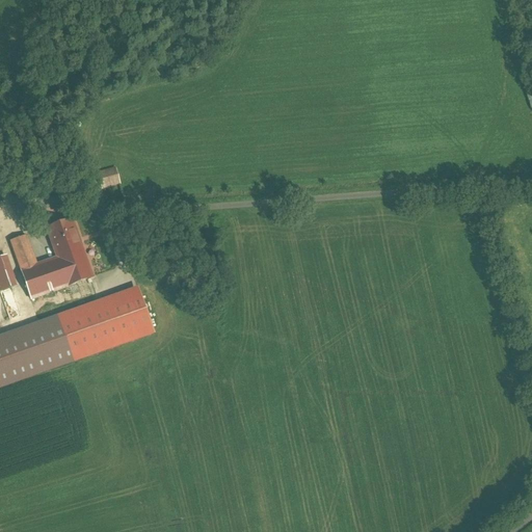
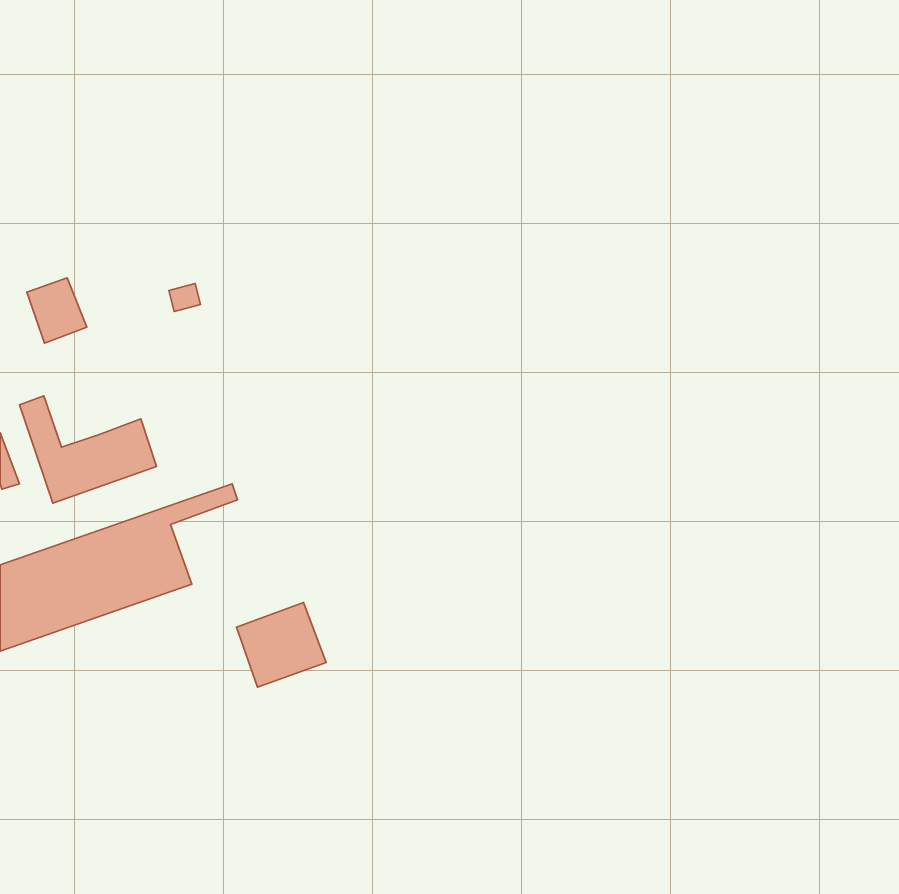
building: [48,218,83,257] -> [27,278,87,343]
building: [101,295,154,345] -> [237,603,326,687]

